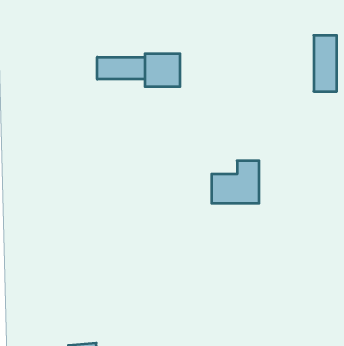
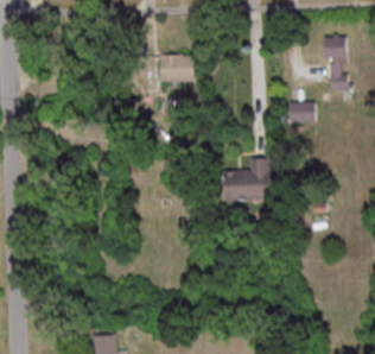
building: [97,57,145,79] -> none
building: none -> [287,101,313,124]

